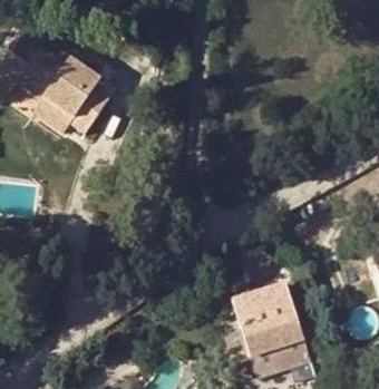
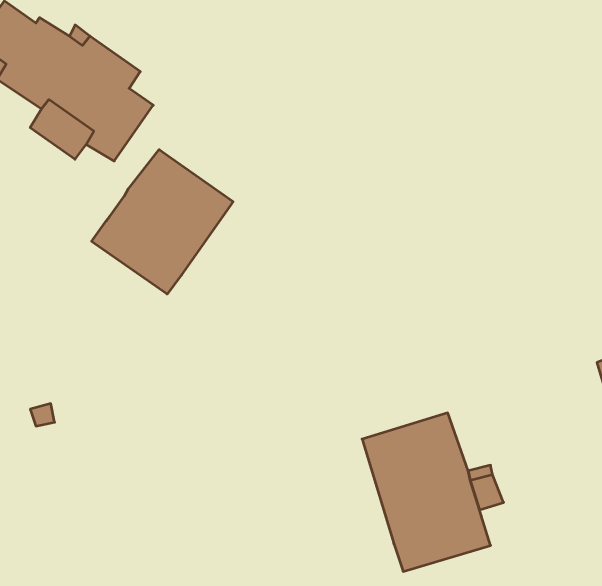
building: none -> [92,150,233,294]

